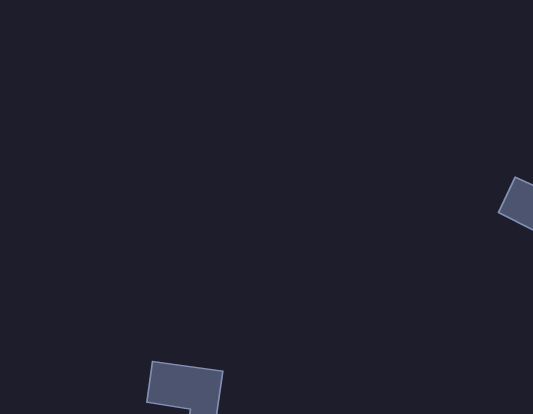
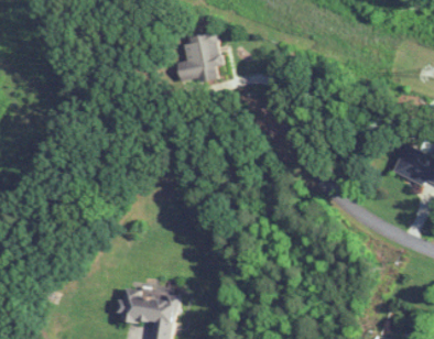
building: none -> [177,34,218,81]

